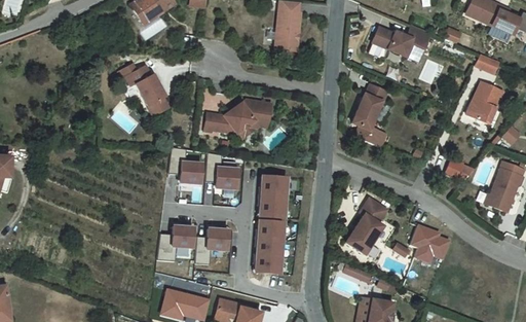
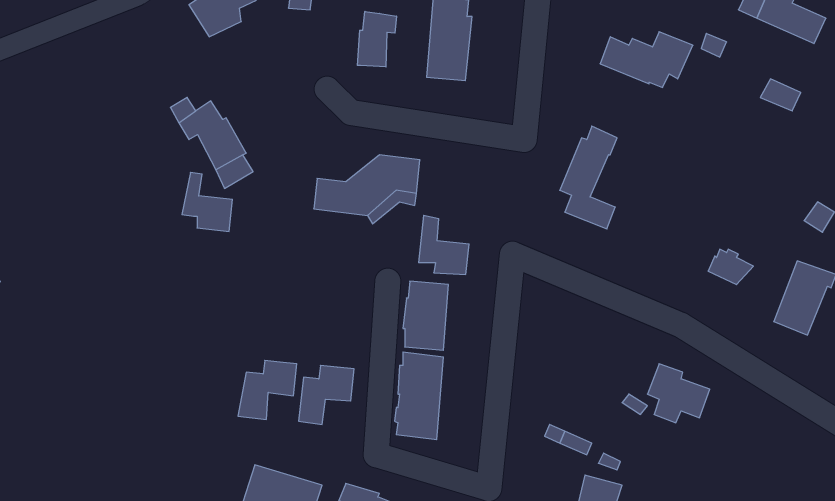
building: none -> [357,11,396,67]
building: [471,79,508,122] -> none
building: [174,146,204,182] -> [182,172,232,231]
building: [209,152,239,188] -> [419,215,469,274]
building: [347,199,388,254] -> none

